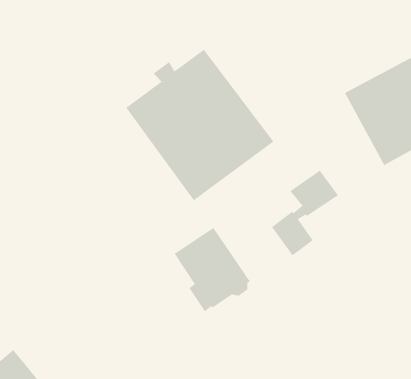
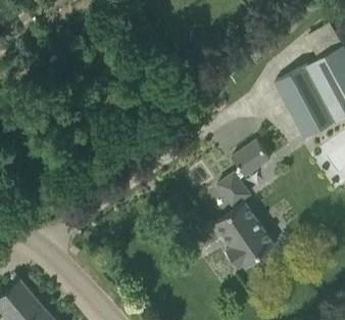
building: [126,49,274,201] -> none
building: [174,227,251,312] -> [214,203,274,269]

